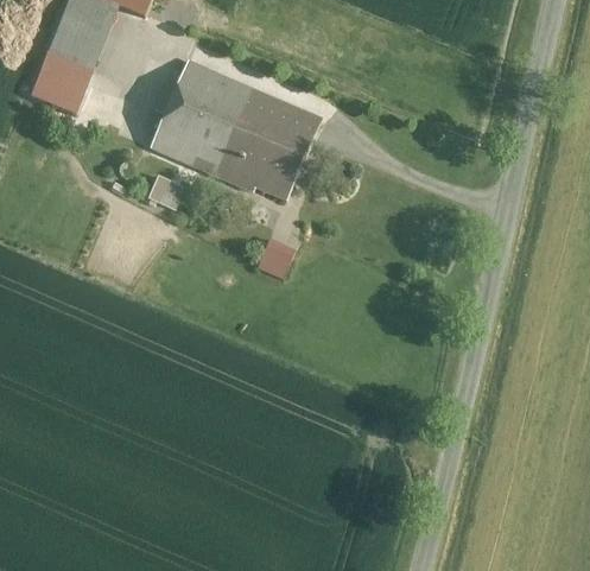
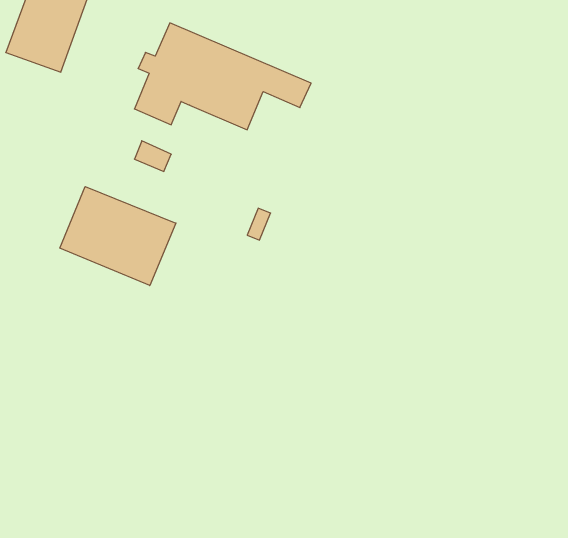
building: [195,128,312,197] -> none
building: none -> [60,187,176,286]

